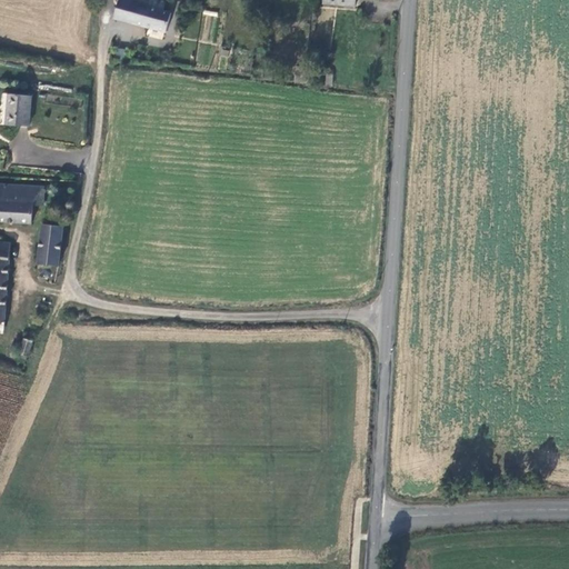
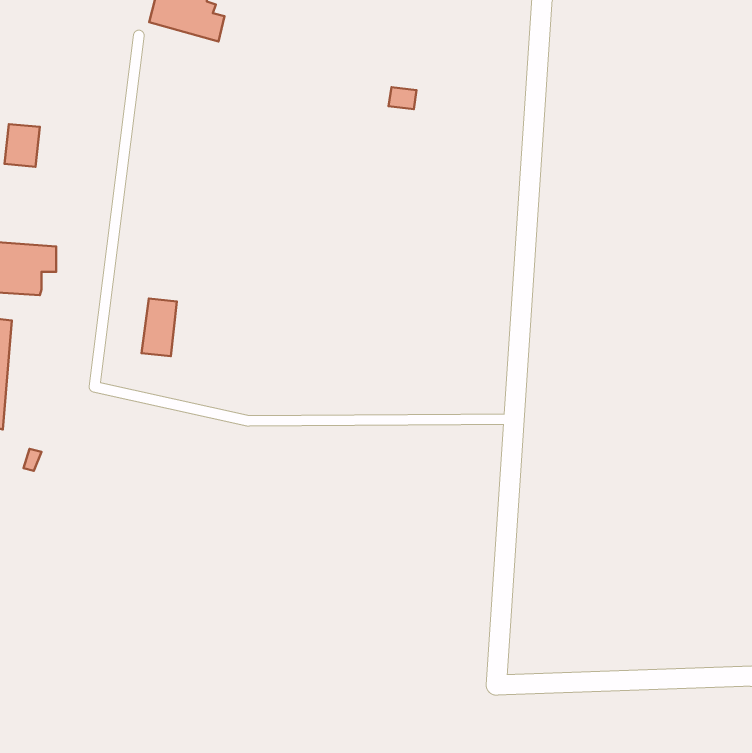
building: [36,222,62,266] -> [141,298,177,356]

